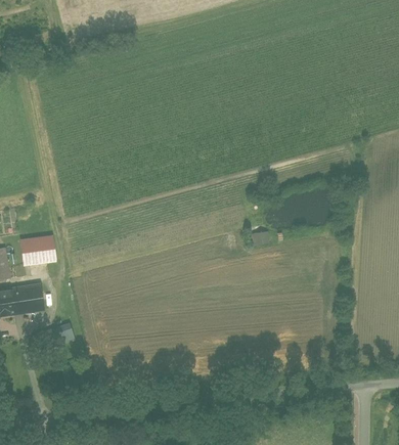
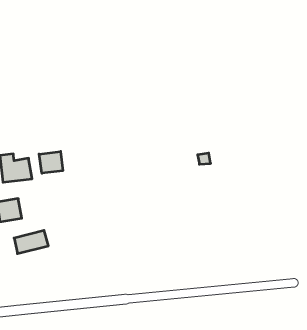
building: none -> [39,151,63,173]

